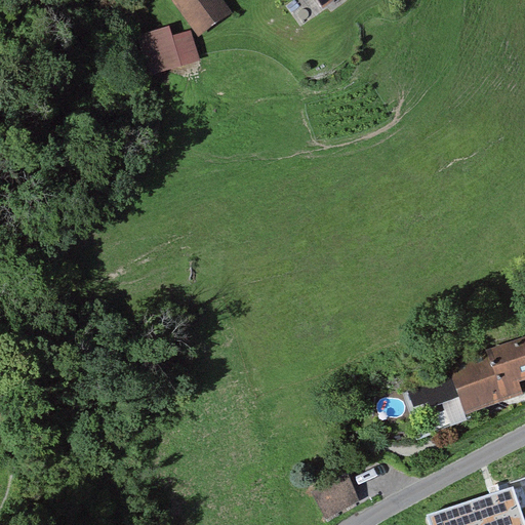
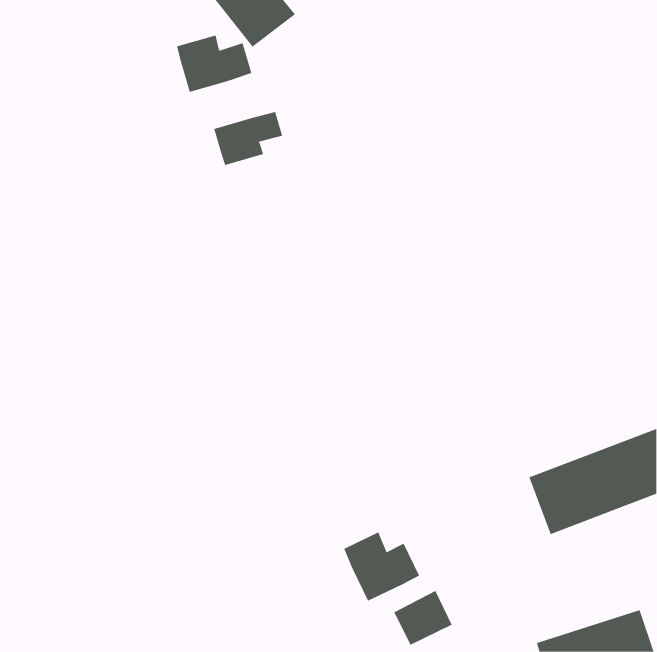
building: none -> [214,111,283,166]
building: none -> [343,532,420,602]

